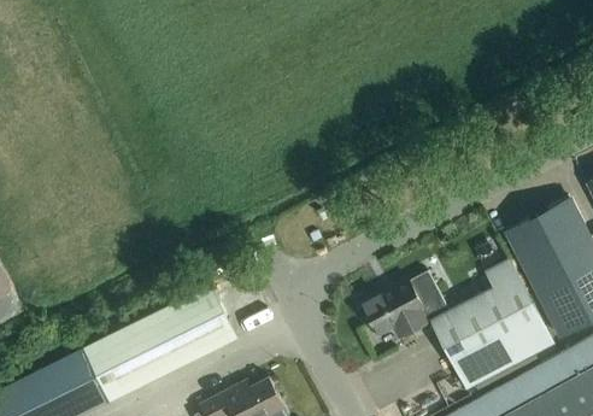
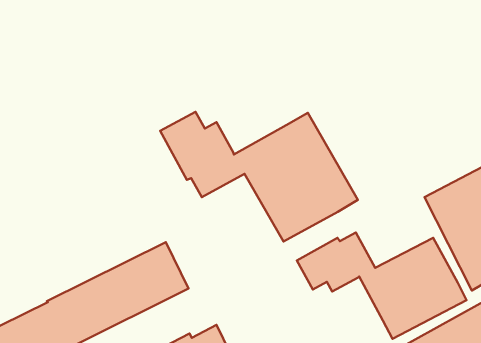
building: none -> [160,112,358,242]

